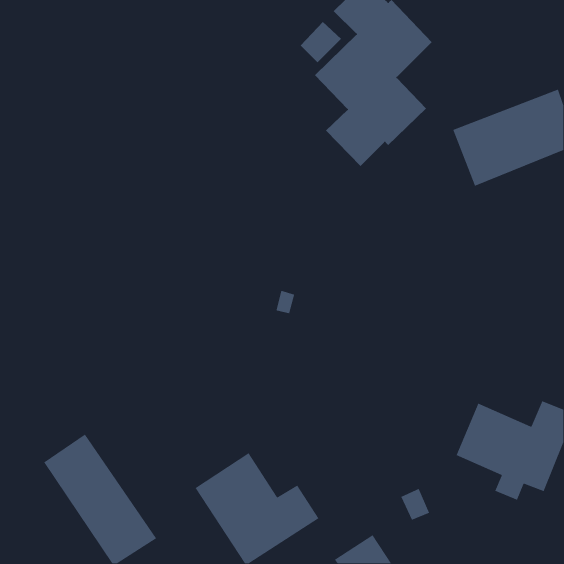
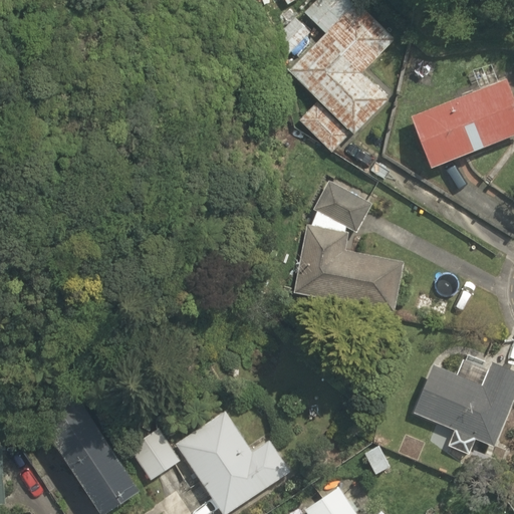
building: none -> [294,182,405,312]
building: none -> [130,428,180,480]

